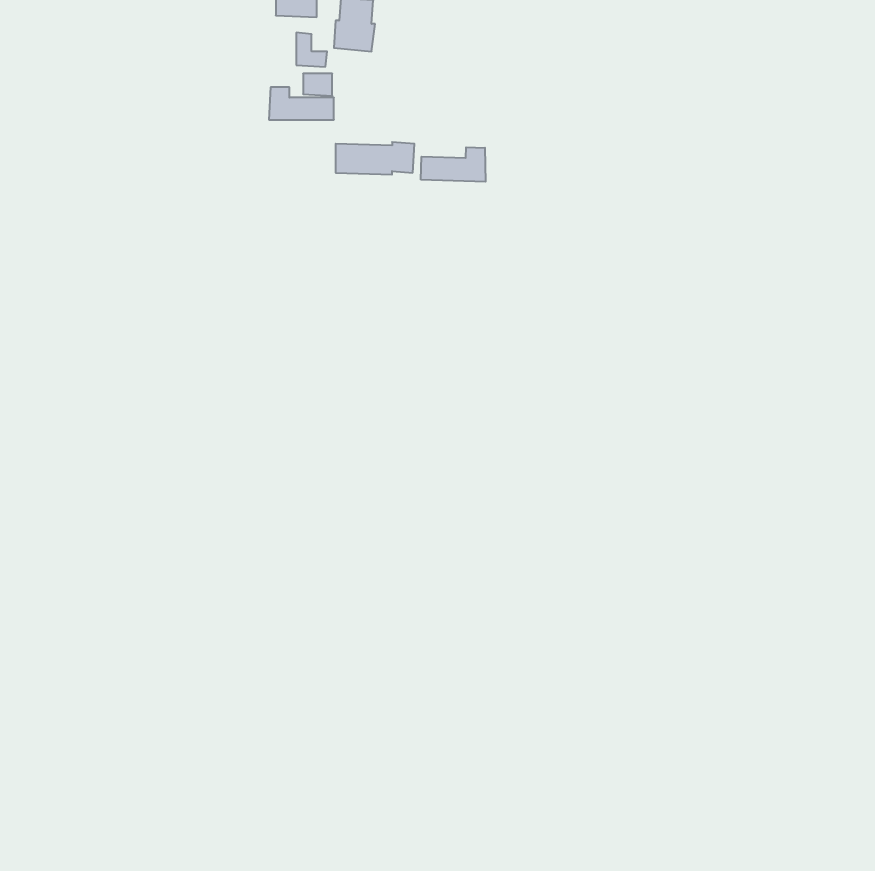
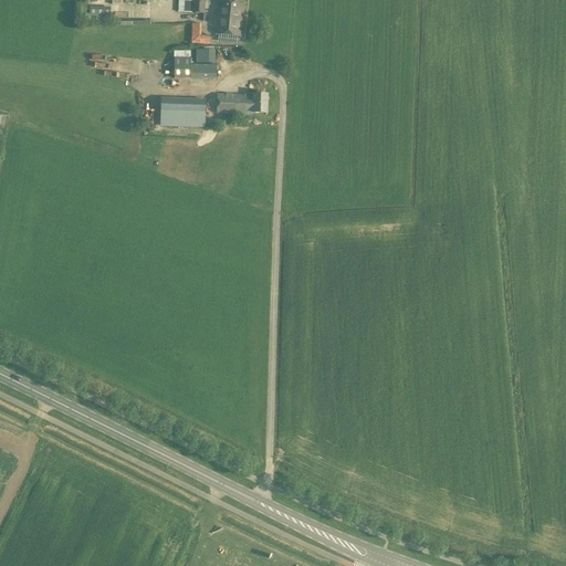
building: [421,147,486,182] -> none
building: none -> [160,96,206,126]

